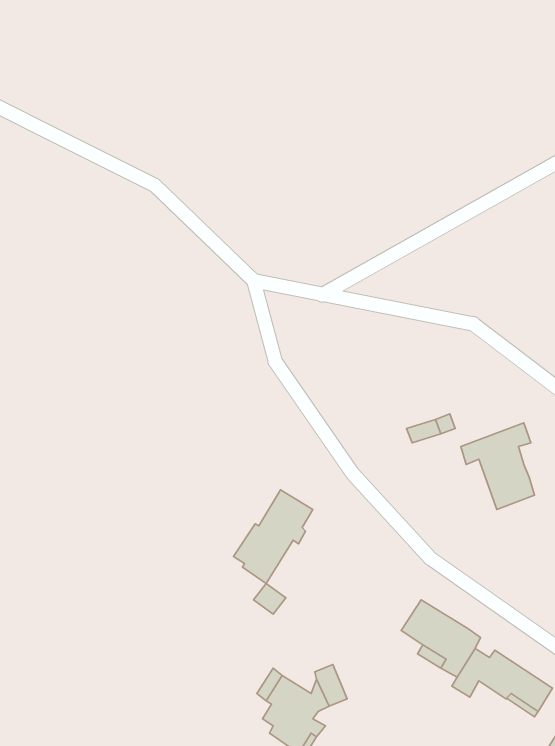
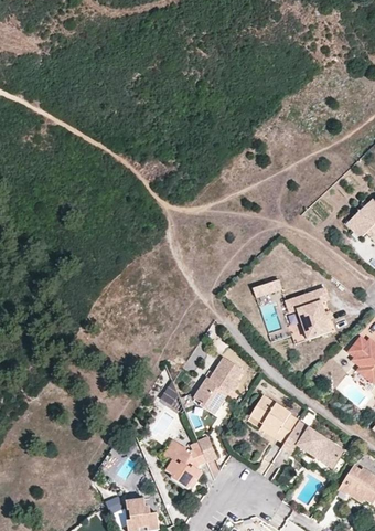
building: [234,490,313,583] -> [194,357,243,414]

